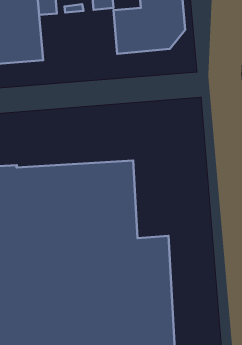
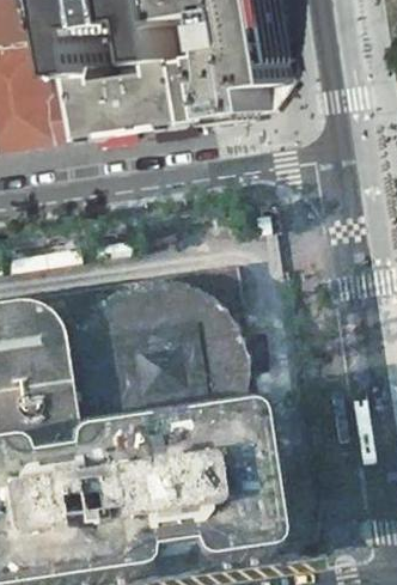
building: none -> [71,57,187,139]

